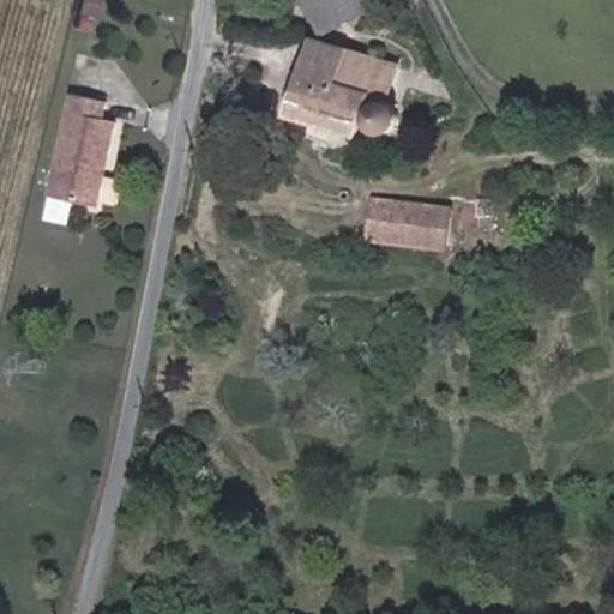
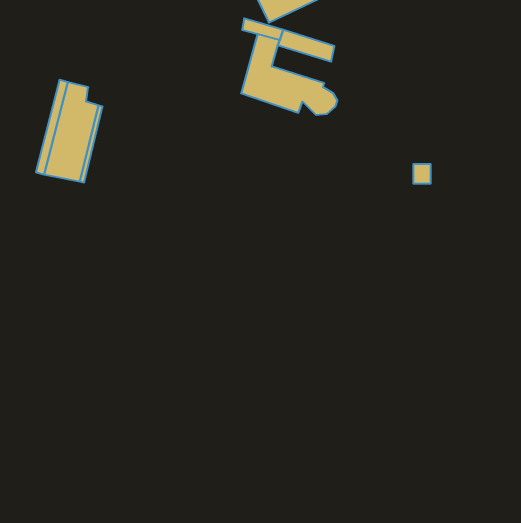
building: [318,53,387,97] -> none
building: [369,205,440,247] -> none

